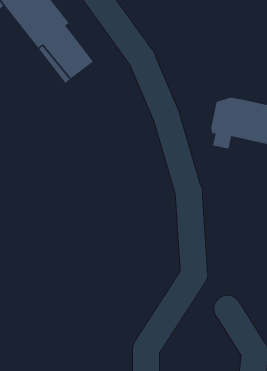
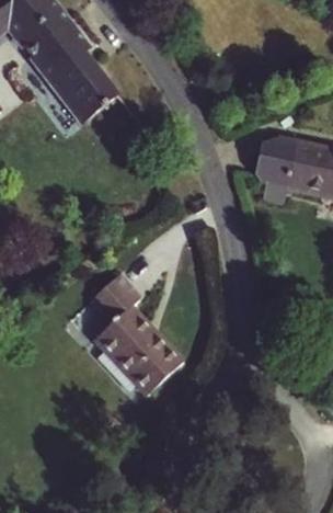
building: none -> [91,271,181,395]

